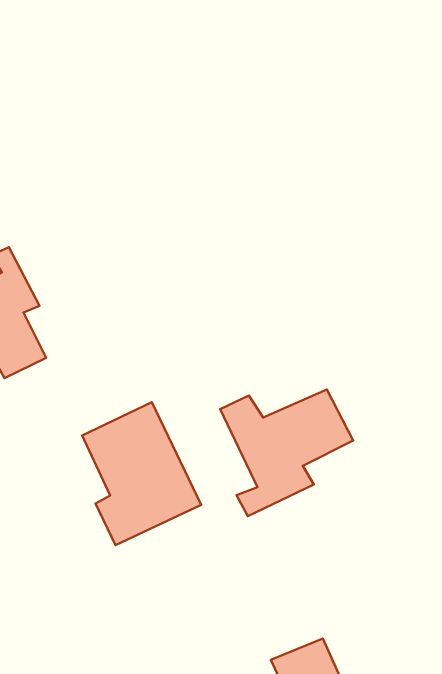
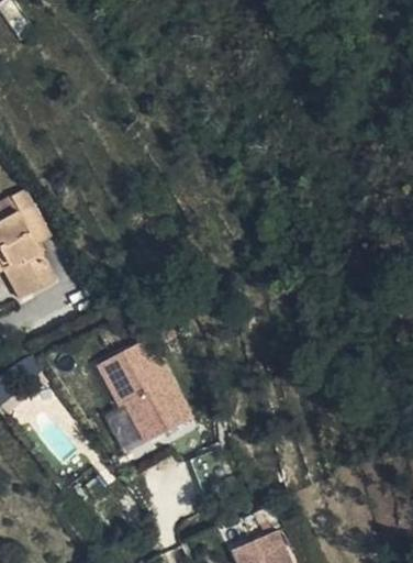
building: [220,390,353,516] -> none

